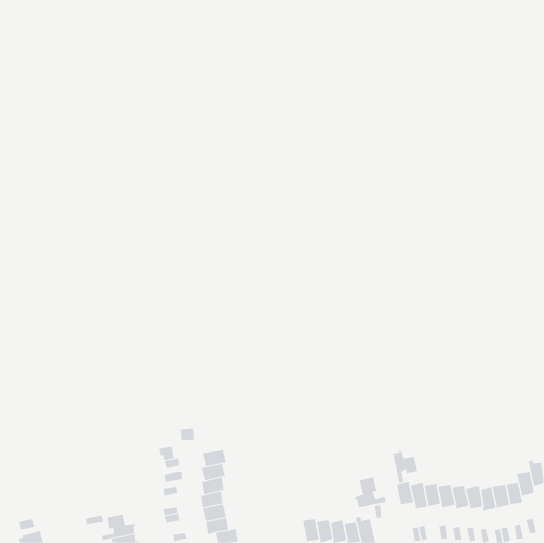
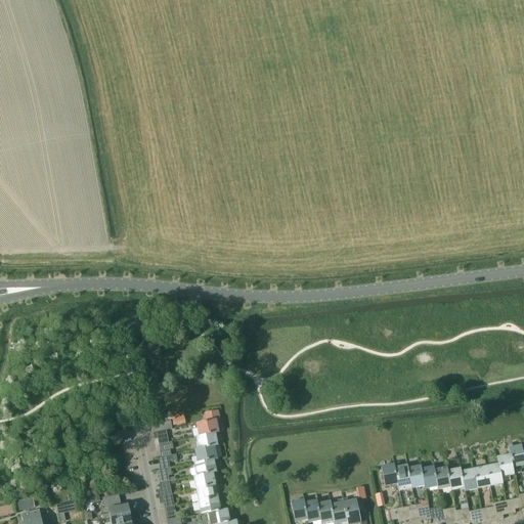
building: none -> [195,409,220,435]
building: [393,450,417,484] -> none
building: [355,476,386,508] -> none

